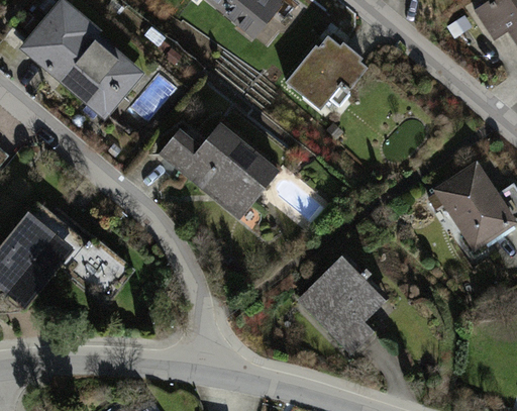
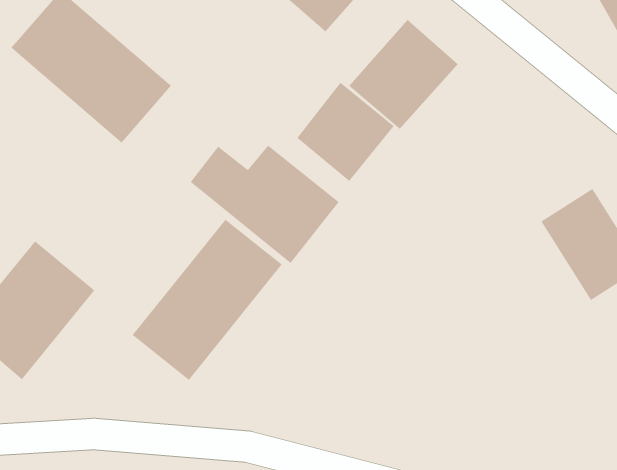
building: none -> [296,82,394,182]
building: none -> [132,219,283,381]
building: [299,261,385,355] -> none

